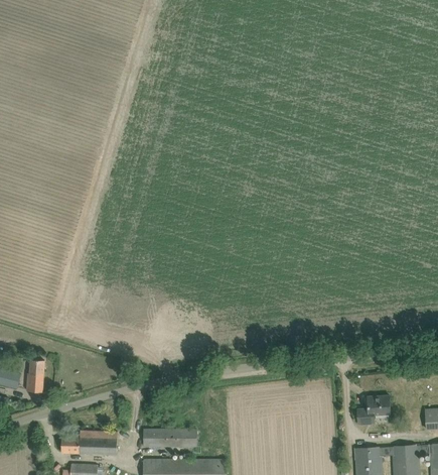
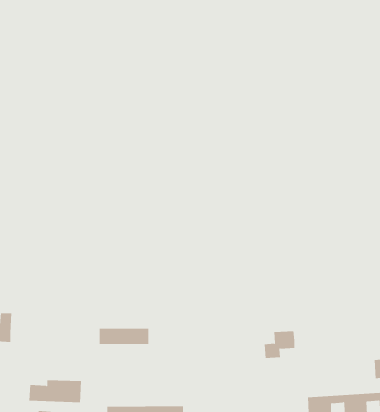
building: [356,395,390,425] -> [264,331,295,359]
building: [143,430,196,447] -> [99,328,149,344]

